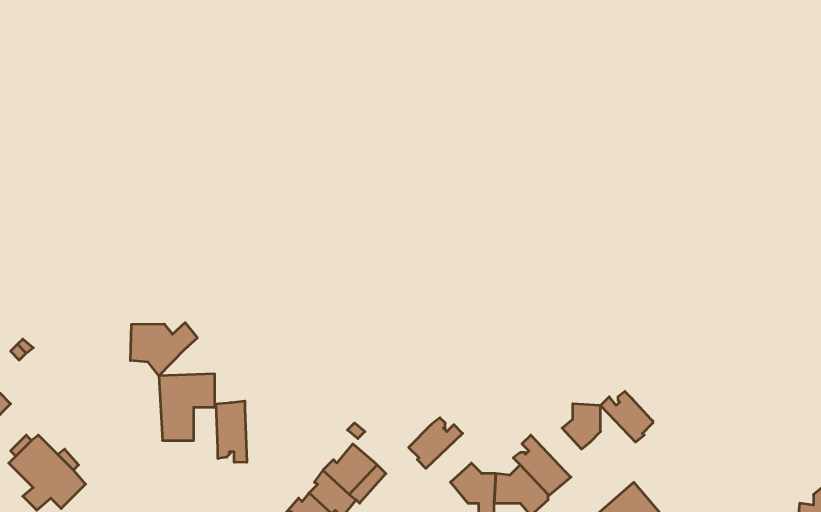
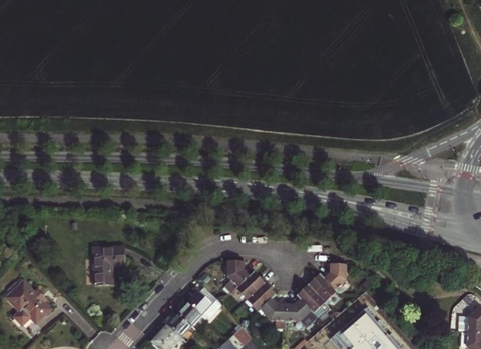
building: [130,323,197,376] -> none
building: [601,391,653,442] -> [306,274,336,303]
building: none -> [224,261,249,293]
building: [215,401,247,462] -> none
building: none -> [246,281,275,311]

